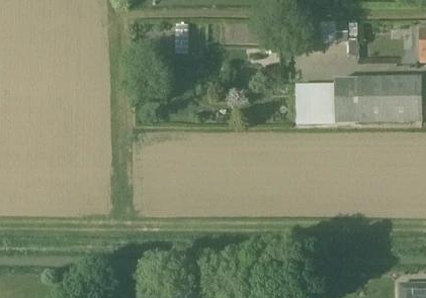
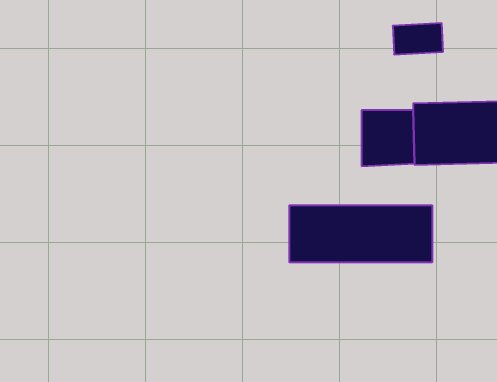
building: none -> [289,205,432,262]

